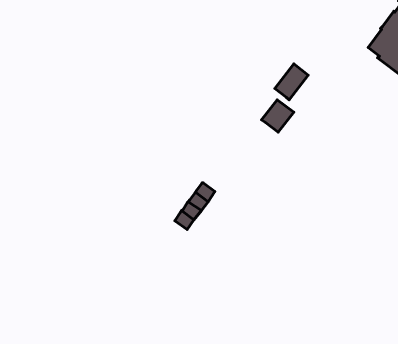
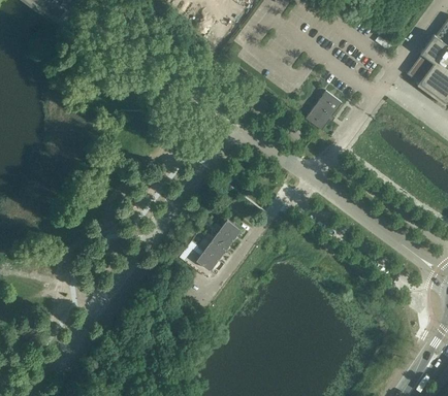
building: [262,100,294,132] -> none

